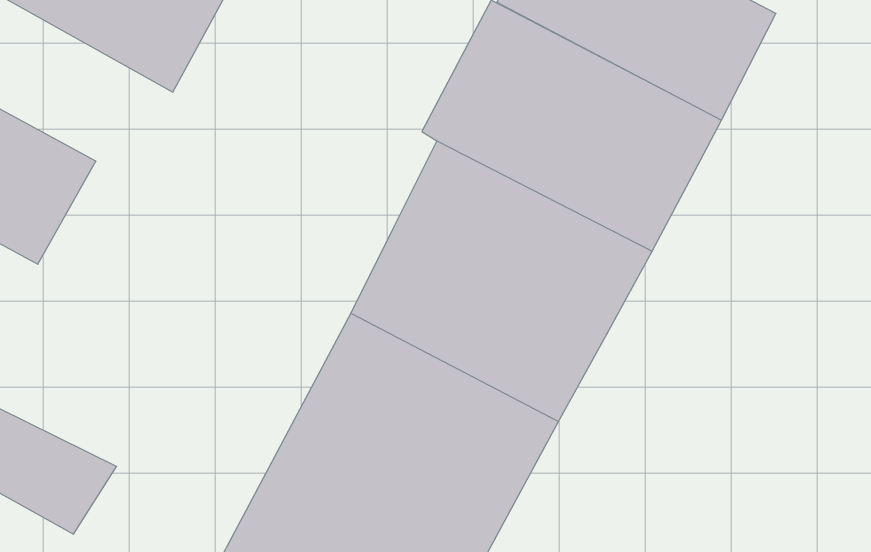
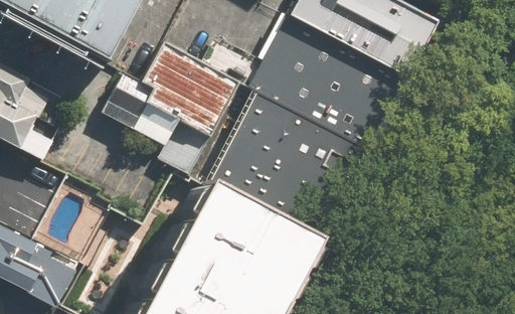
building: none -> [99,39,239,175]

